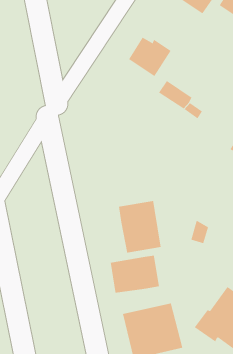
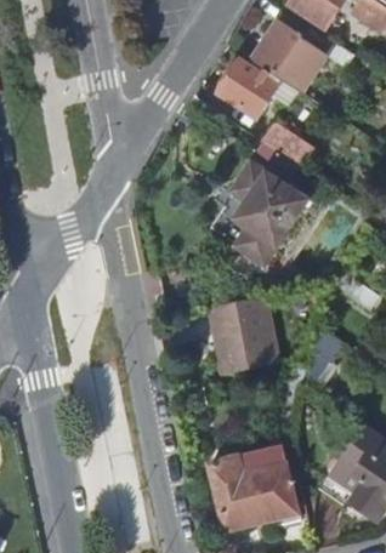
building: none -> [250,19,325,92]
building: none -> [210,164,306,264]
building: [110,255,159,293] -> none

